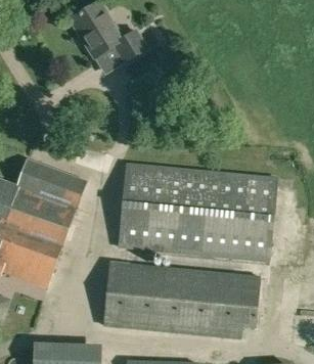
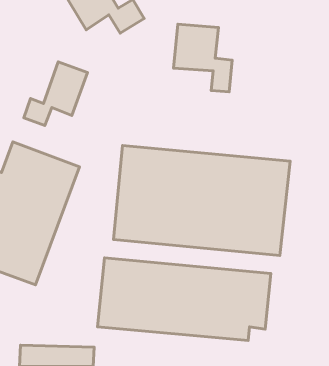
building: none -> [174,24,232,92]
building: none -> [24,62,87,126]

